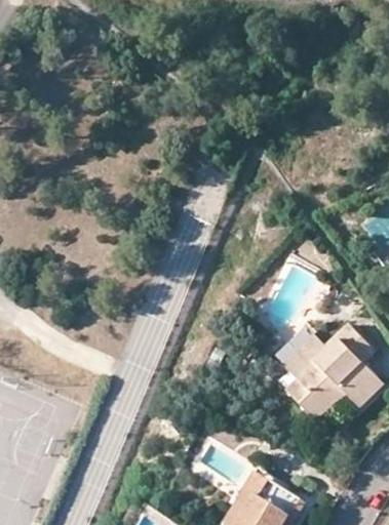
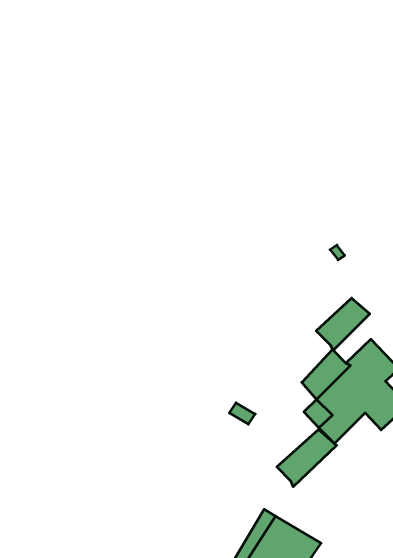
building: none -> [316,298,370,350]
building: none -> [277,429,337,487]

